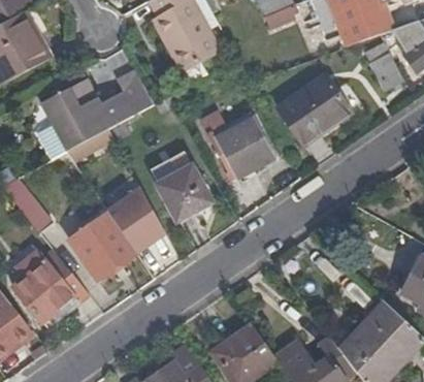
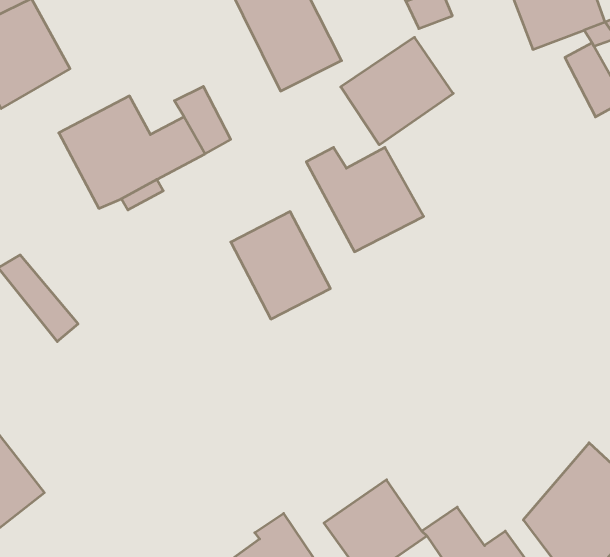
building: [278,75,350,145] -> [341,37,453,145]
building: [69,189,163,281] -> none
building: [13,248,84,323] -> none

